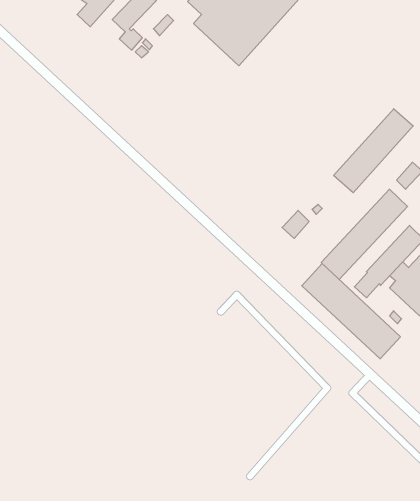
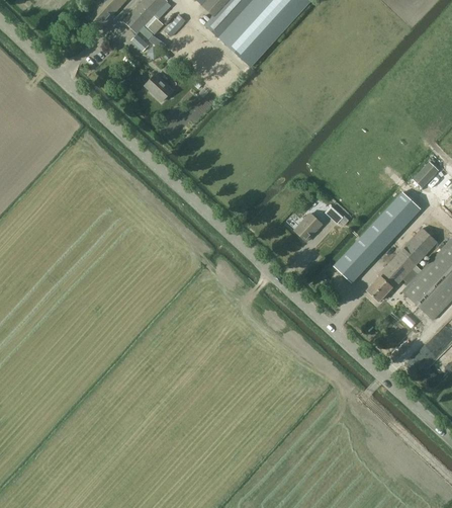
building: none -> [146,74,173,101]
building: [334,109,413,193] -> none
building: [302,264,400,359] -> none

